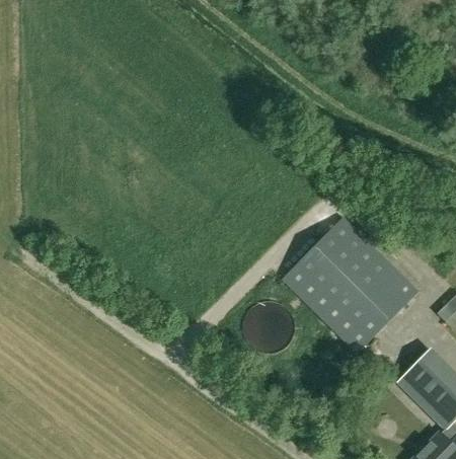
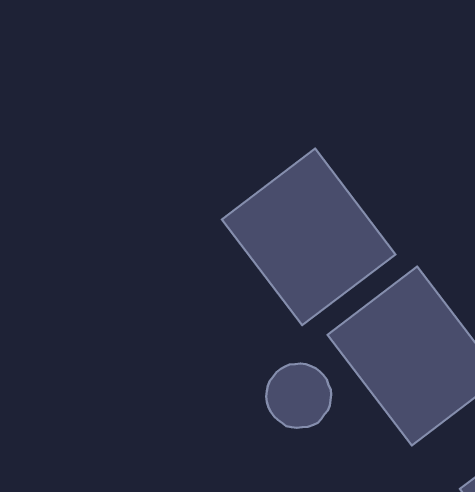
building: none -> [222,149,395,325]

